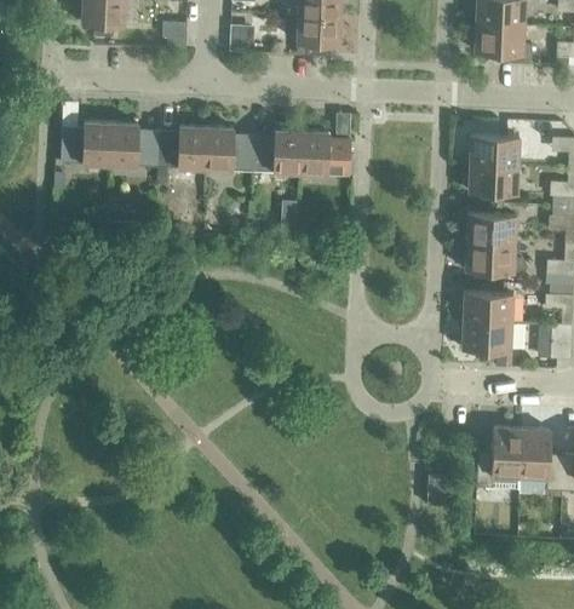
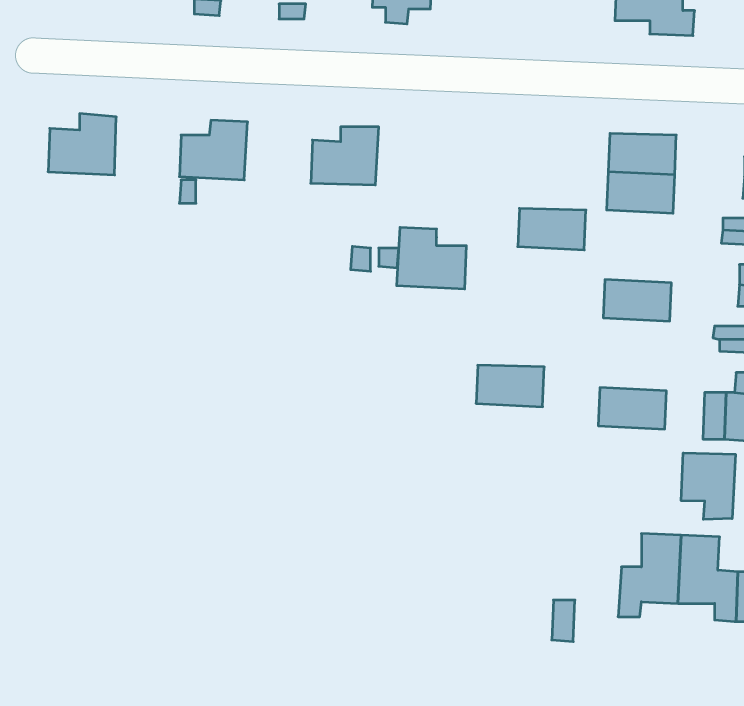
building: [110,122,159,166] -> none
building: [205,126,254,171] -> none
building: [300,130,351,174] -> [397,227,466,289]
building: [467,213,517,243] -> [518,208,586,250]
building: [464,292,513,322] -> [476,365,544,407]
building: none -> [681,453,735,519]

